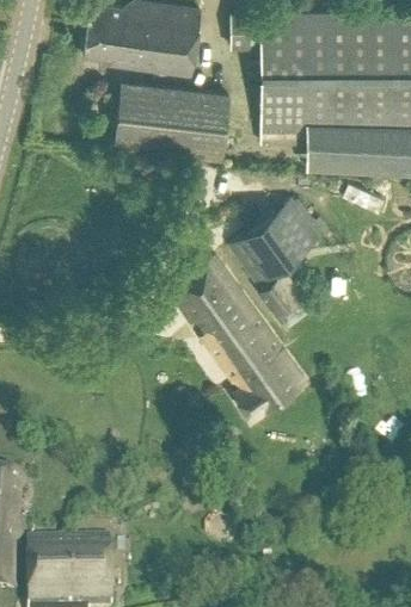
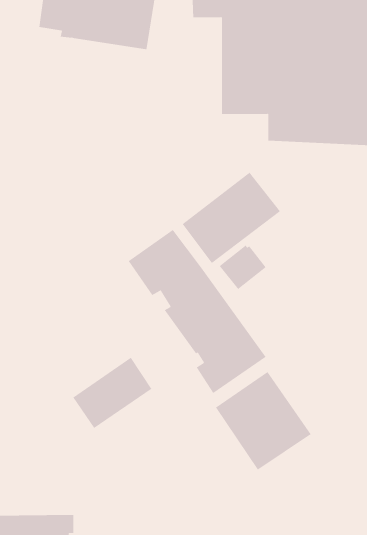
building: [114,82,231,161] -> none
building: none -> [72,357,152,429]
building: none -> [215,371,311,471]

